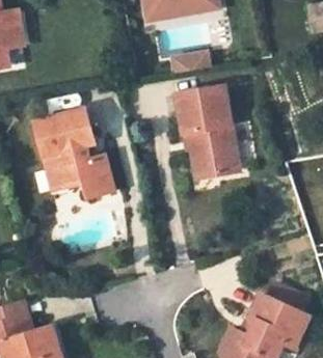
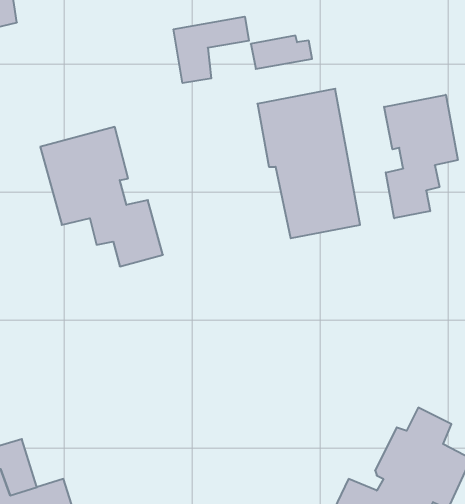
building: none -> [174,17,249,83]
building: none -> [384,95,458,218]

